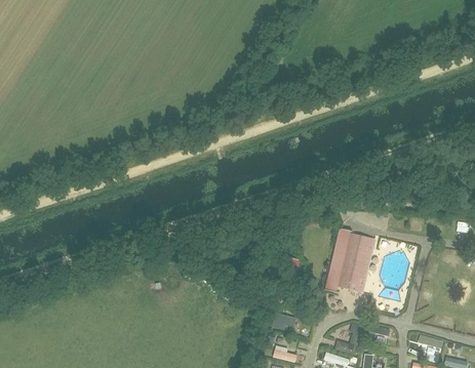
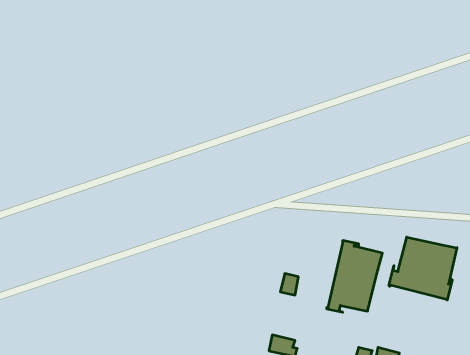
building: none -> [389,237,457,300]

